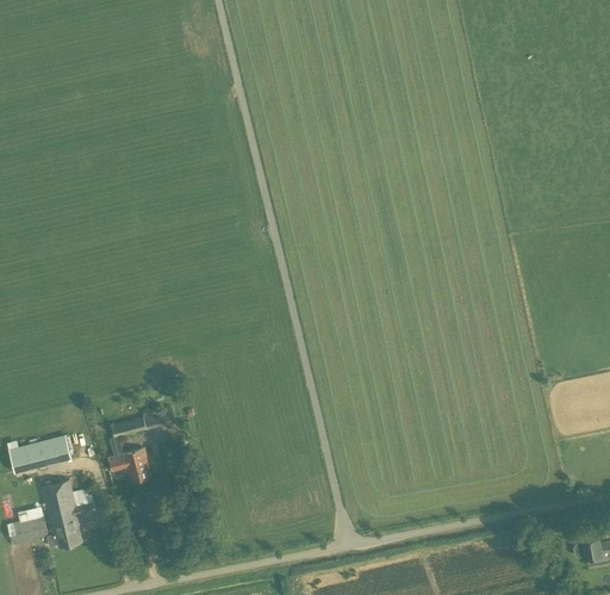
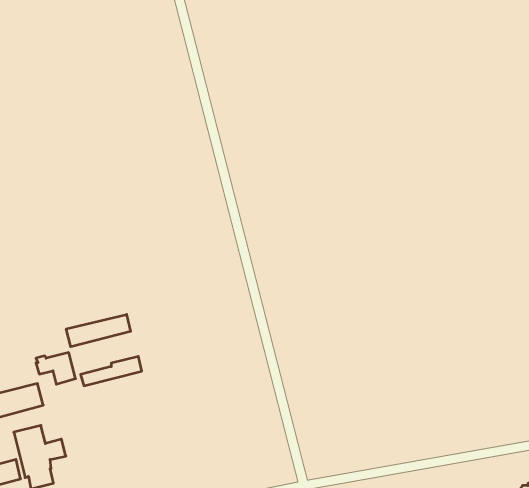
building: none -> [66,314,131,347]
building: [110,448,151,482] -> [36,353,76,384]

